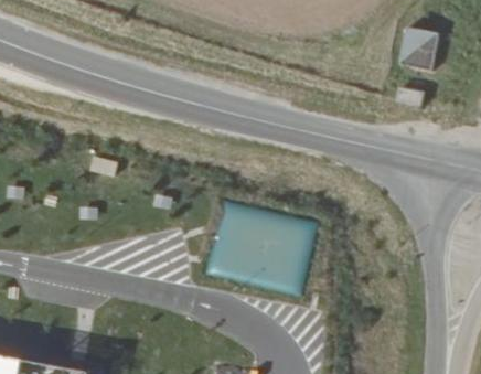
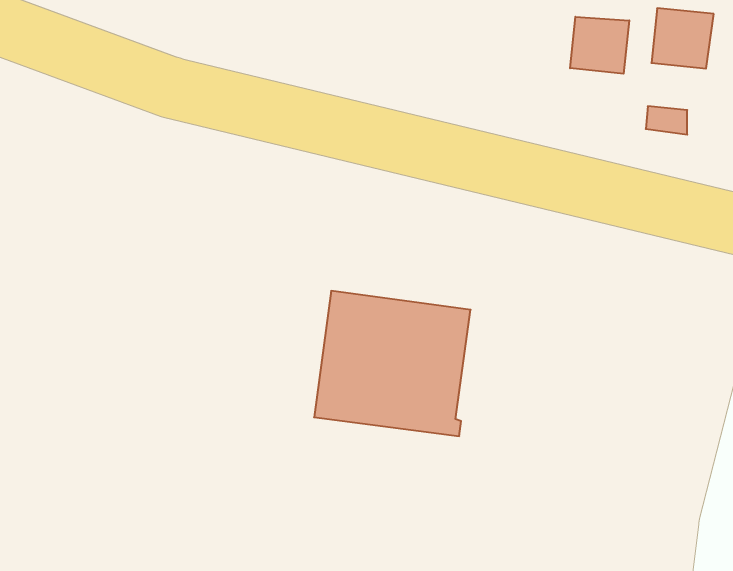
building: none -> [570,17,629,74]

